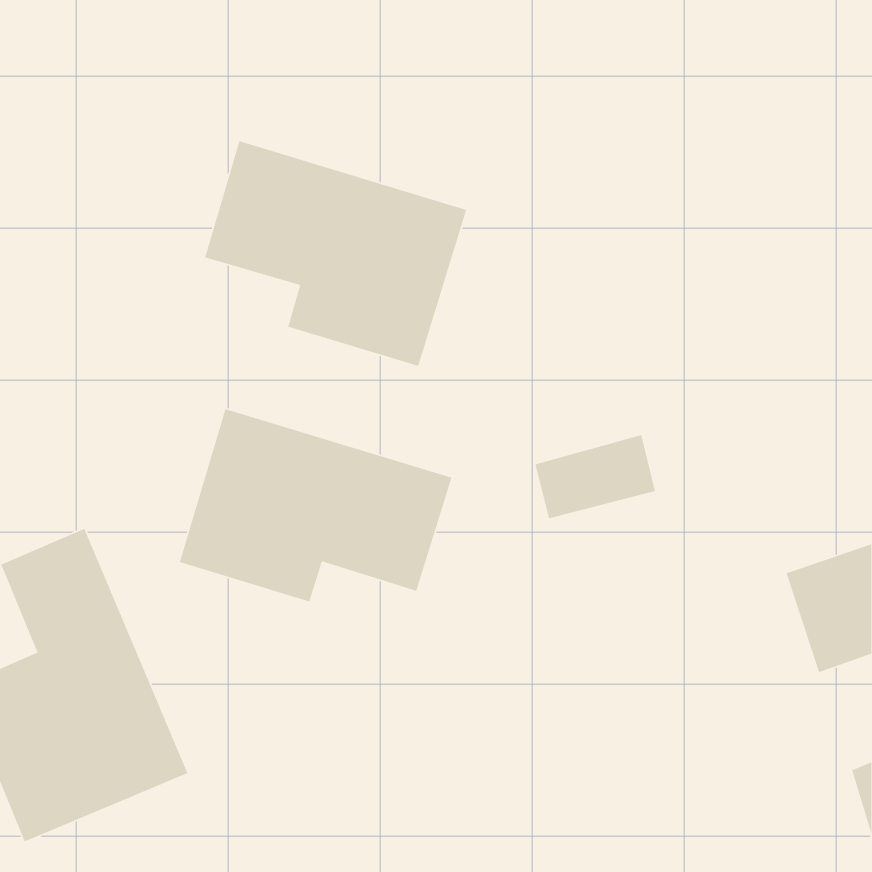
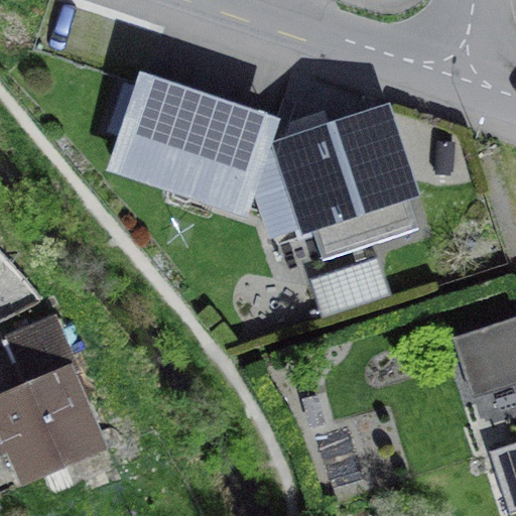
building: none -> [268,118,413,246]
building: [179,408,453,602] -> none

